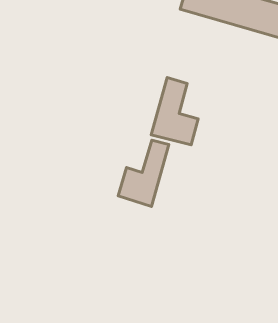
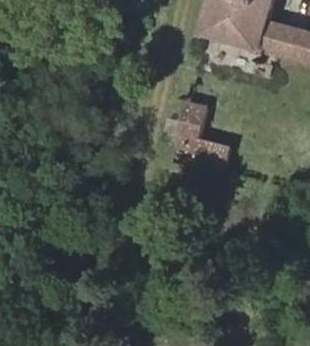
building: [118,140,169,206] -> none

